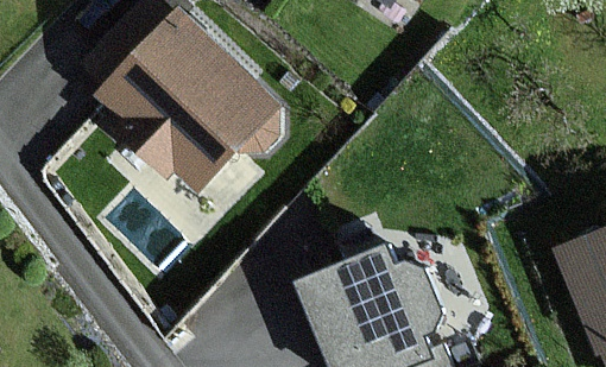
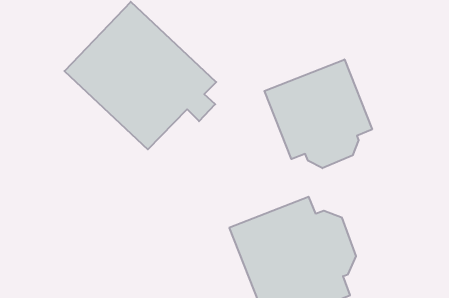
building: none -> [264,59,372,168]

